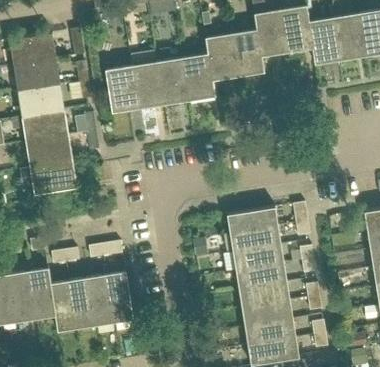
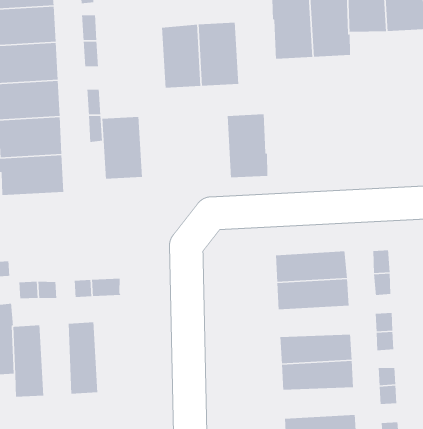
building: [182,53,215,100] -> [227,114,268,178]
building: [105,66,138,112] -> [101,116,143,179]
building: [232,245,284,271] -> none
building: [106,271,133,323] -> none
building: [69,277,95,329] -> none
building: [241,301,293,327] -> none

